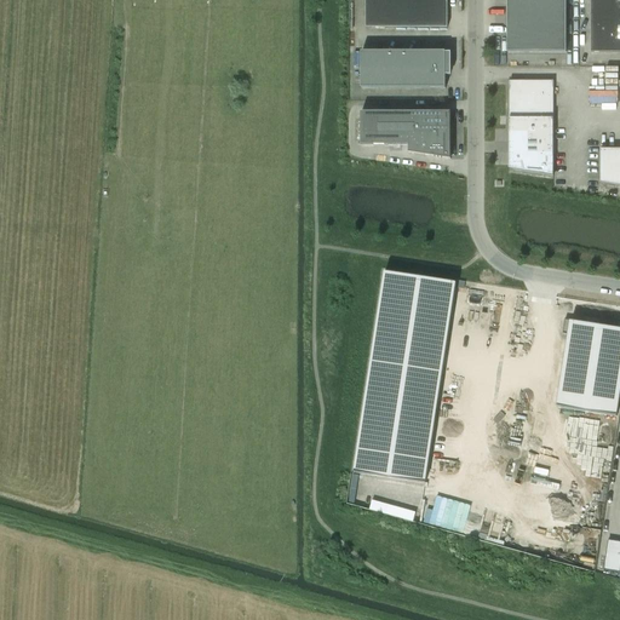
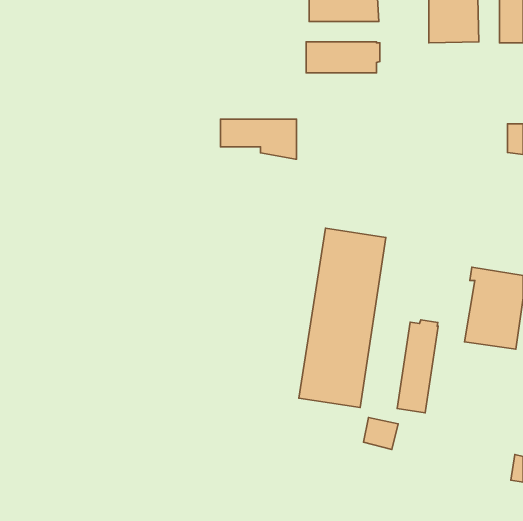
building: [510,79,553,173] -> none
building: [361,110,450,157] -> [221,119,296,159]
building: none -> [397,320,438,413]

